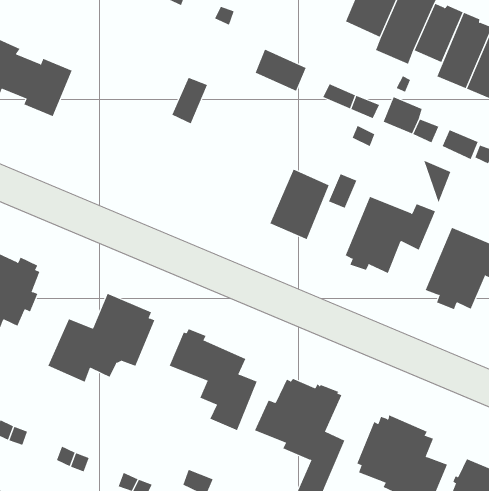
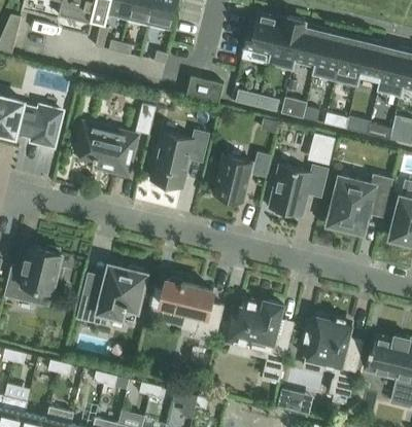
building: none -> [77,123,136,174]
building: none -> [151,131,209,189]

